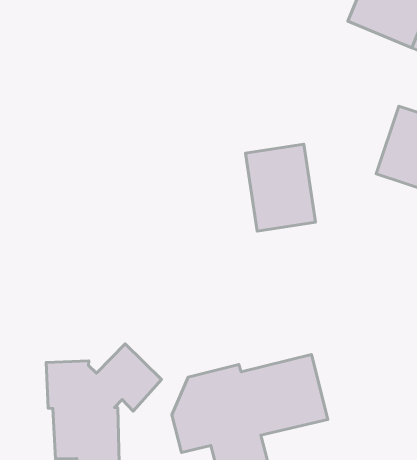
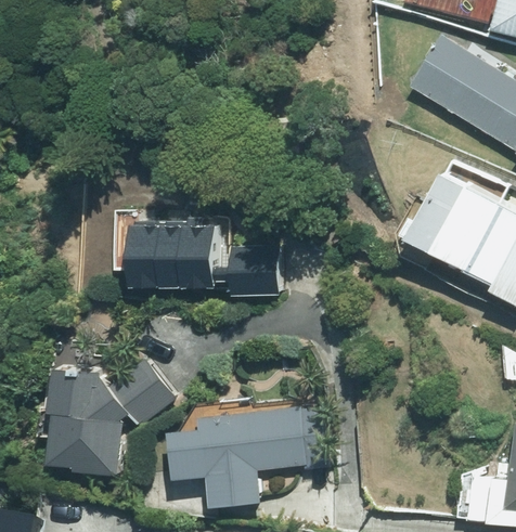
building: [245,144,316,231] -> none
building: none -> [108,224,278,295]

